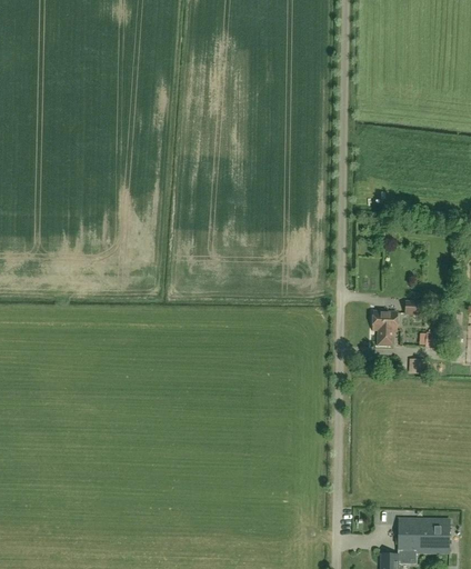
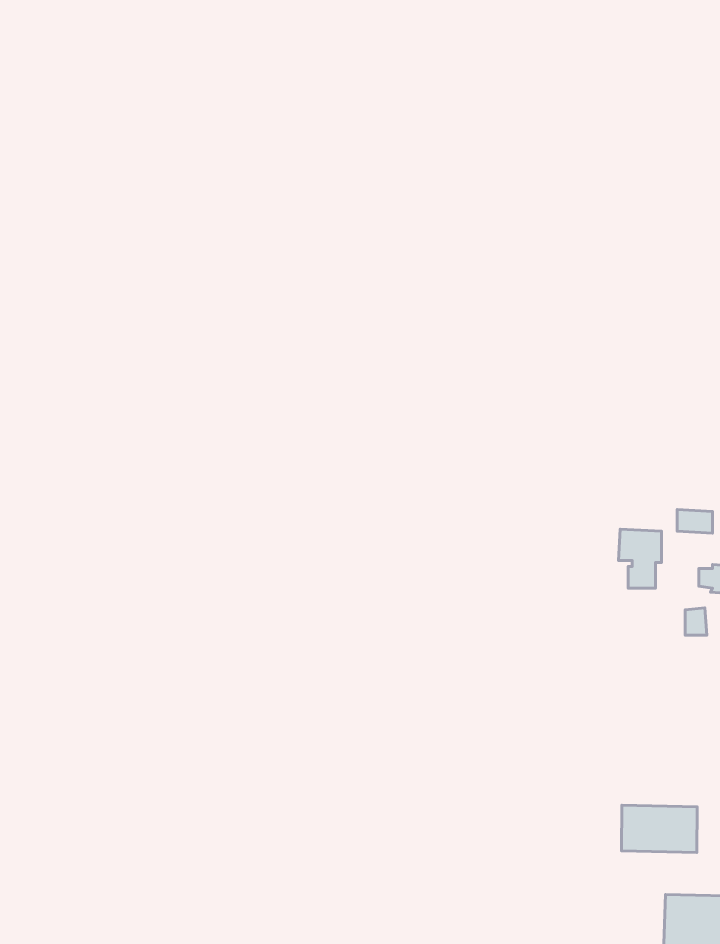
building: none -> [622,805,697,853]

